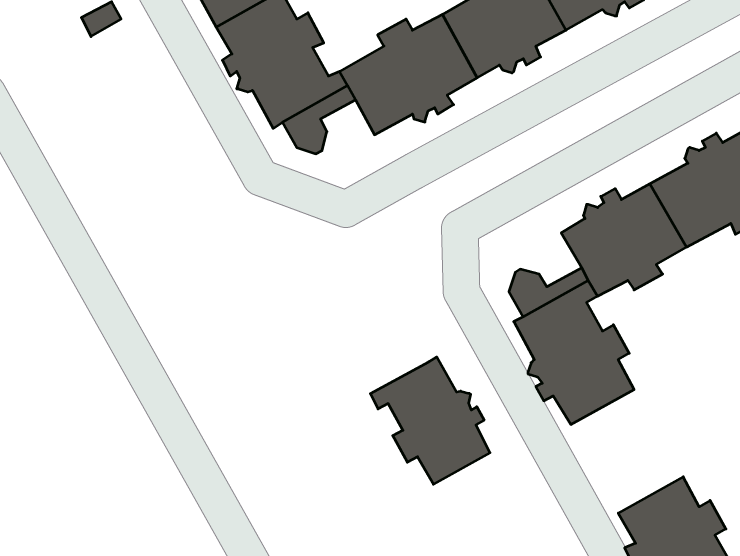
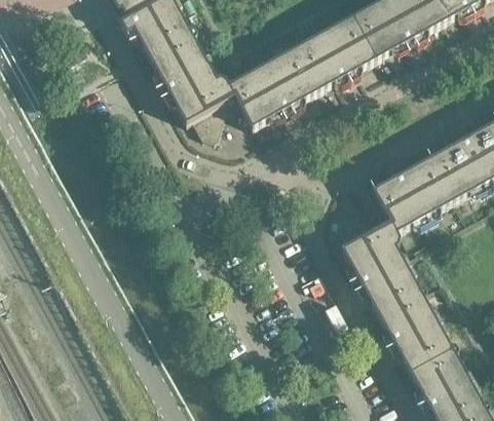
building: [370,357,490,484] -> none
building: none -> [379,292,452,372]

